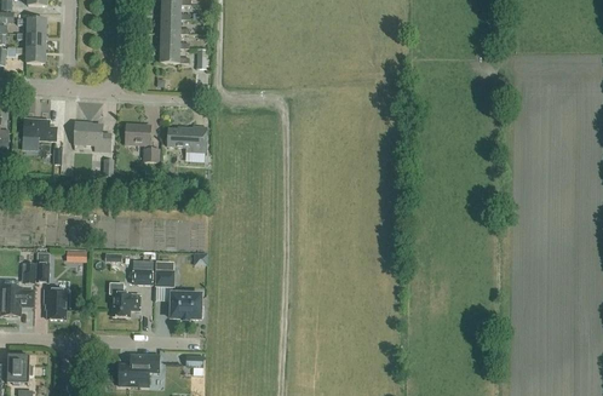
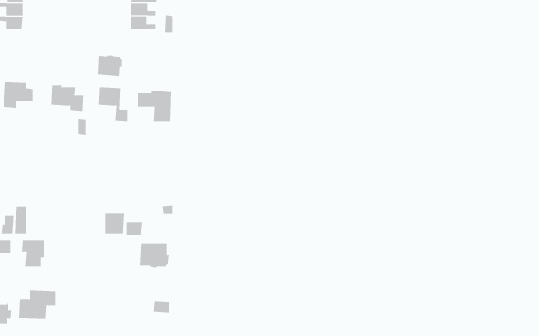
building: none -> [98,55,122,77]
building: [109,281,139,315] -> none
building: [117,354,159,385] -> [18,290,56,319]

